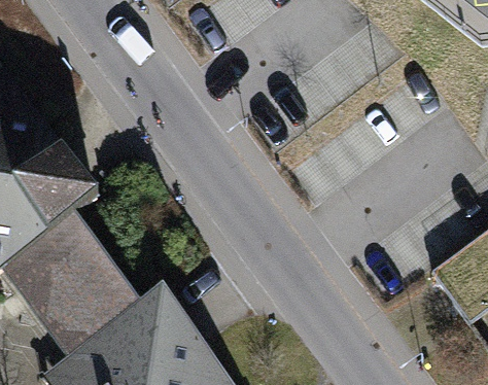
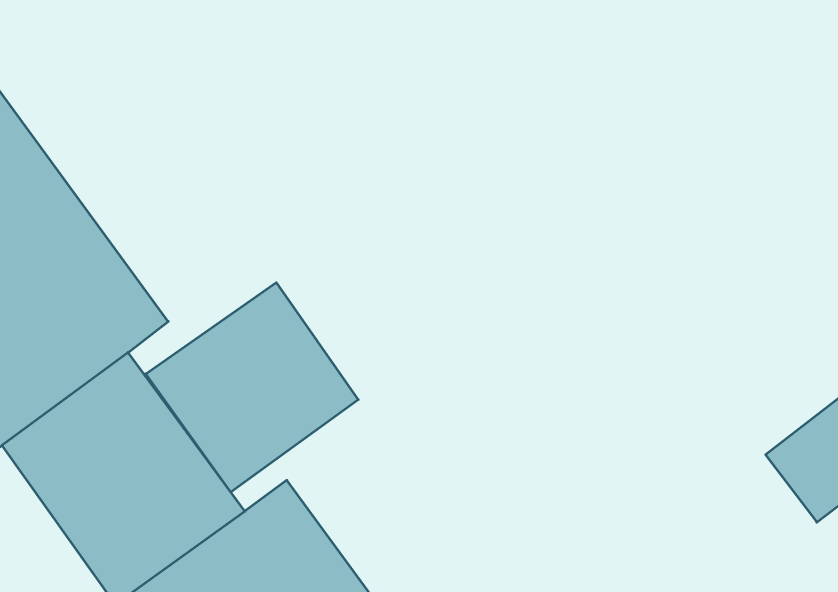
building: none -> [146,283,358,492]

